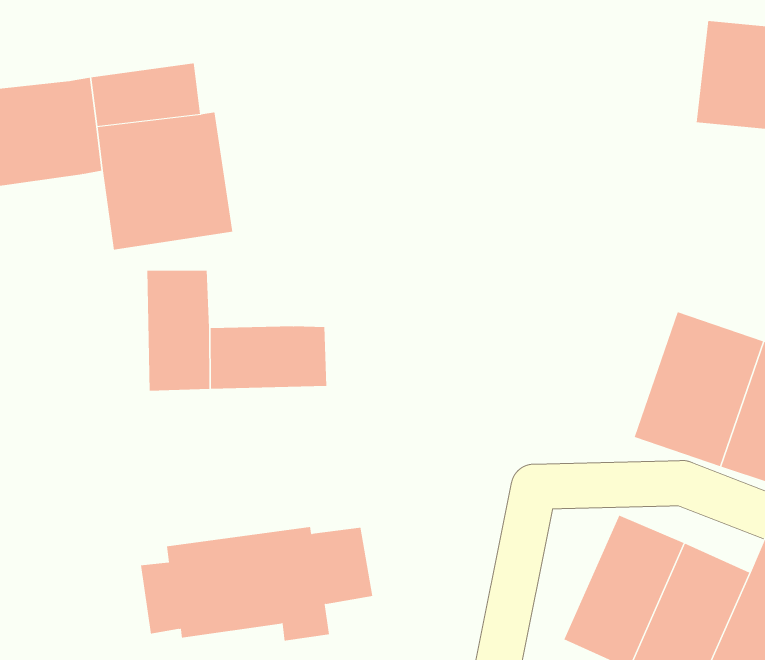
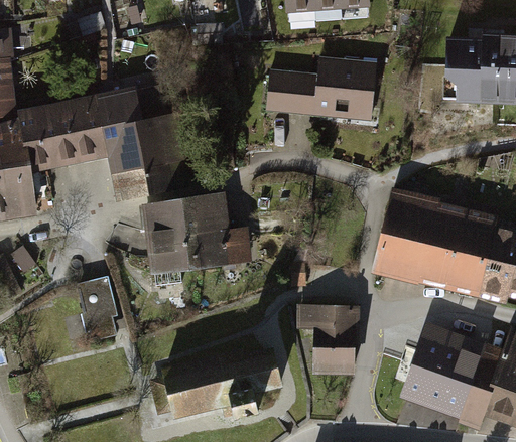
building: none -> [269,58,377,123]
building: none -> [173,197,226,236]
building: none -> [377,192,446,279]
building: none -> [79,272,119,331]
building: none -> [297,305,354,375]

